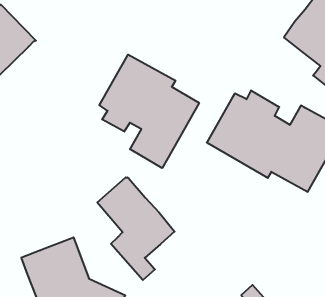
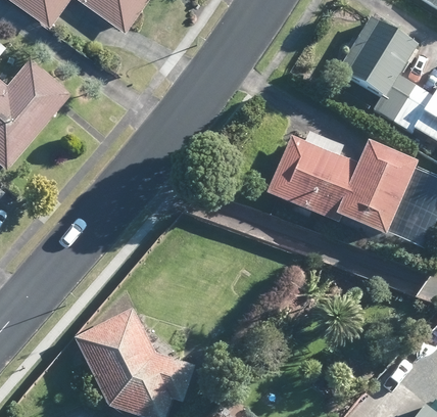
building: [99,55,199,168] -> none
building: [97,177,175,280] -> none

